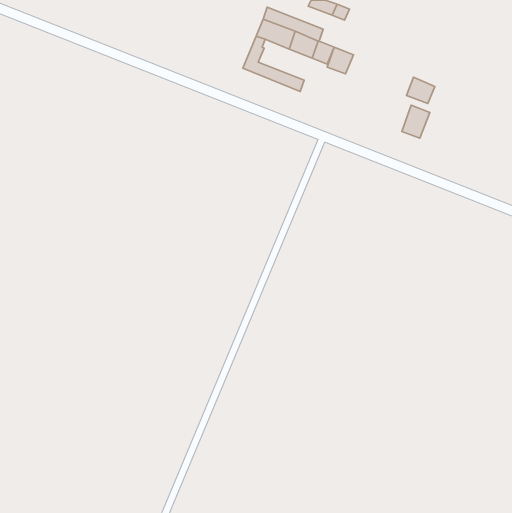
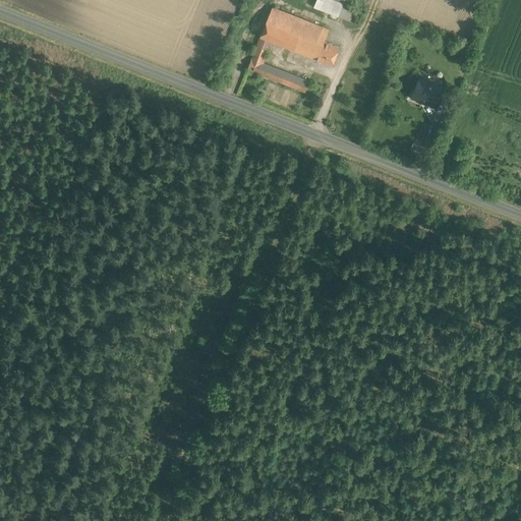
building: [327,47,353,74] -> none
building: [402,105,430,138] -> none

